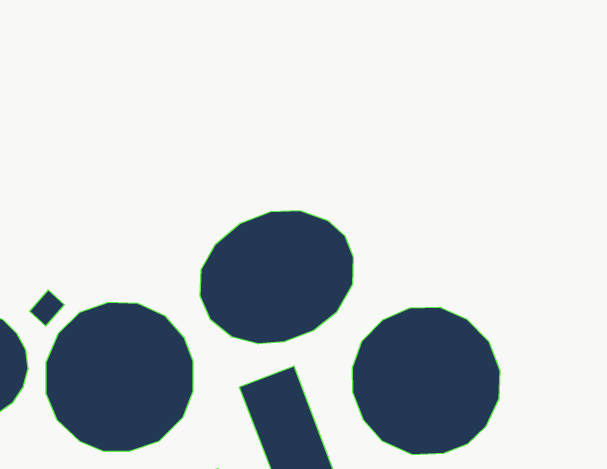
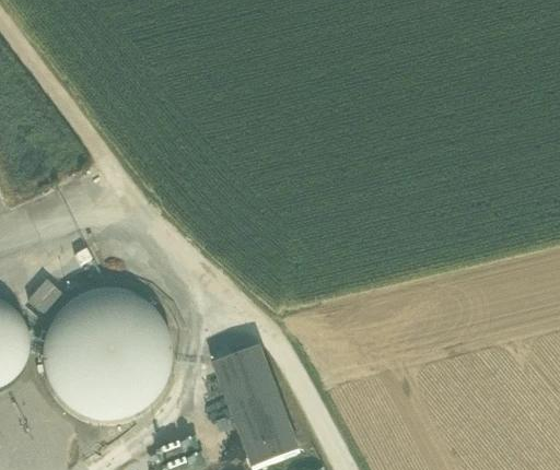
building: [200,211,353,344] -> none
building: [352,307,500,455] -> none

